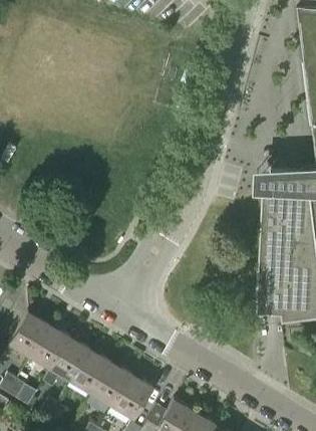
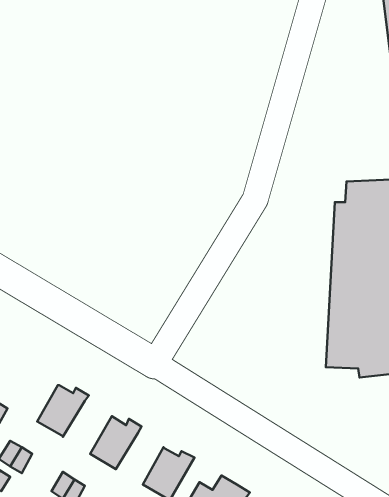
building: [8,311,49,358] -> none
building: [43,342,91,386] -> none
building: [91,367,131,407] -> none

